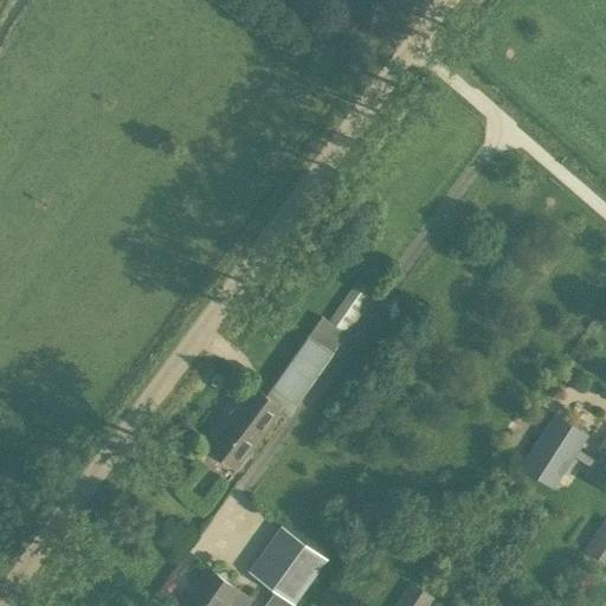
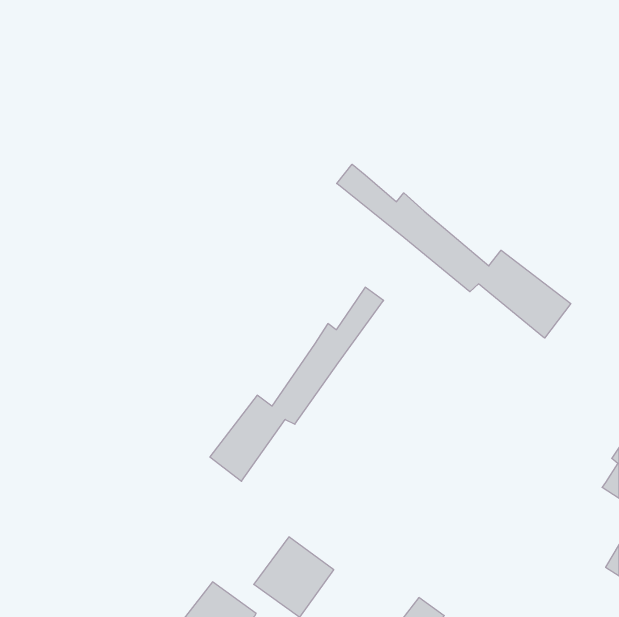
building: none -> [337,164,571,338]
building: [520,417,587,492] -> none

